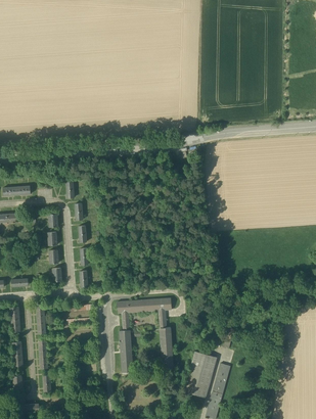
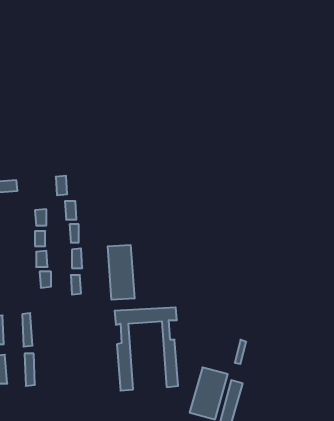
building: none -> [108,245,134,300]

